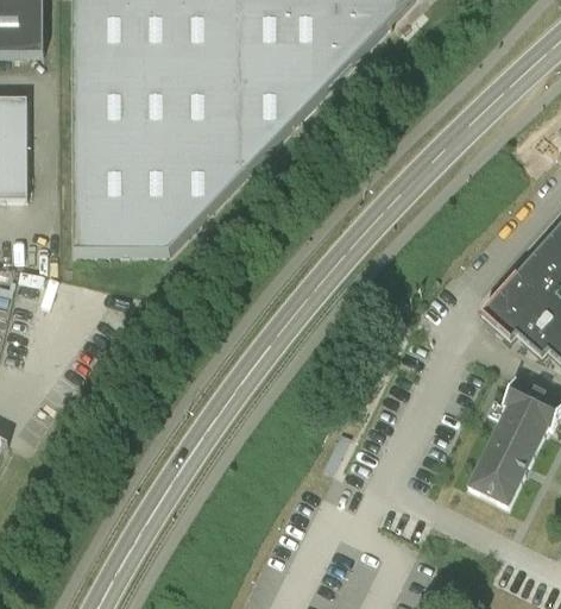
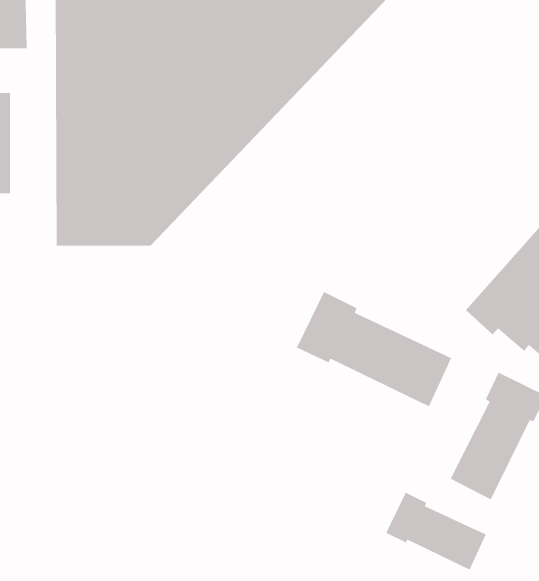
building: none -> [296,291,452,407]
building: none -> [385,492,487,570]

